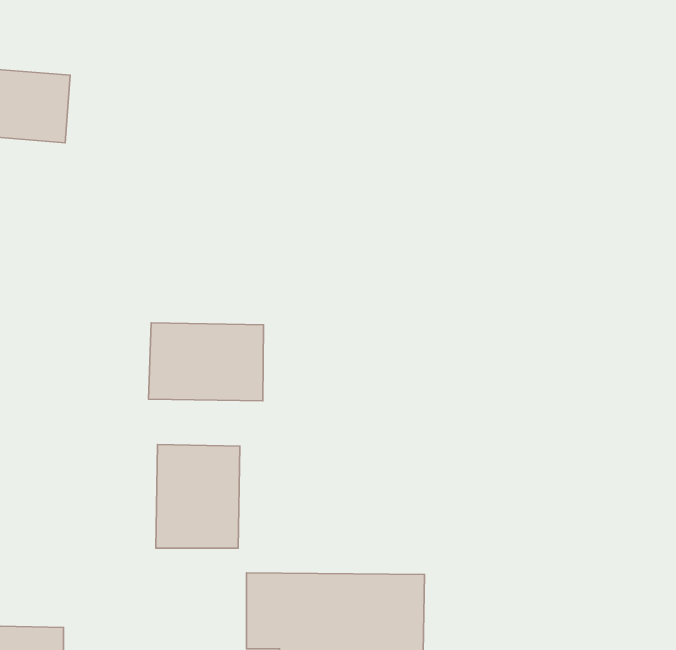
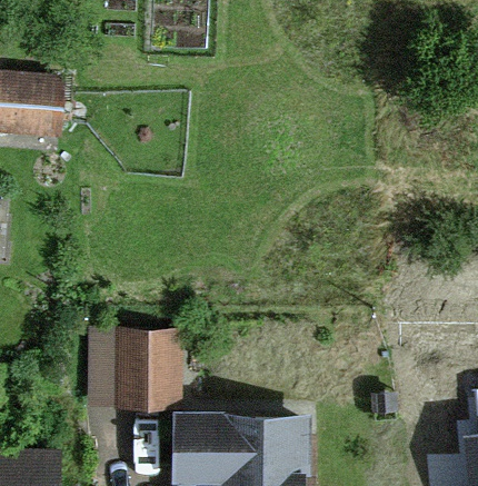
building: [149,323,264,401] -> none

